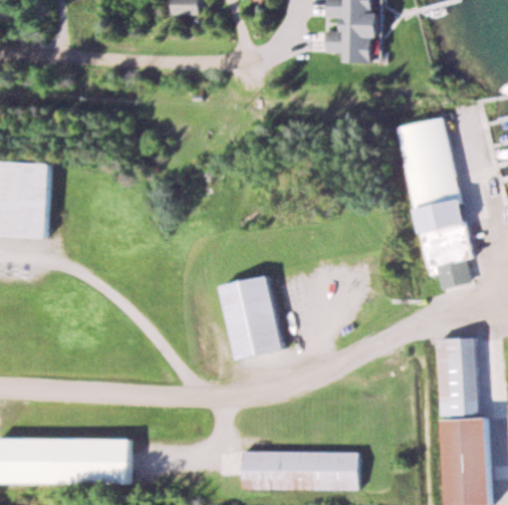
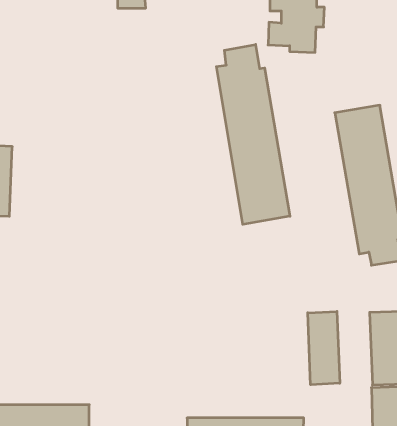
building: none -> [216,44,290,224]
building: [218,276,285,359] -> none
building: none -> [308,311,340,385]

